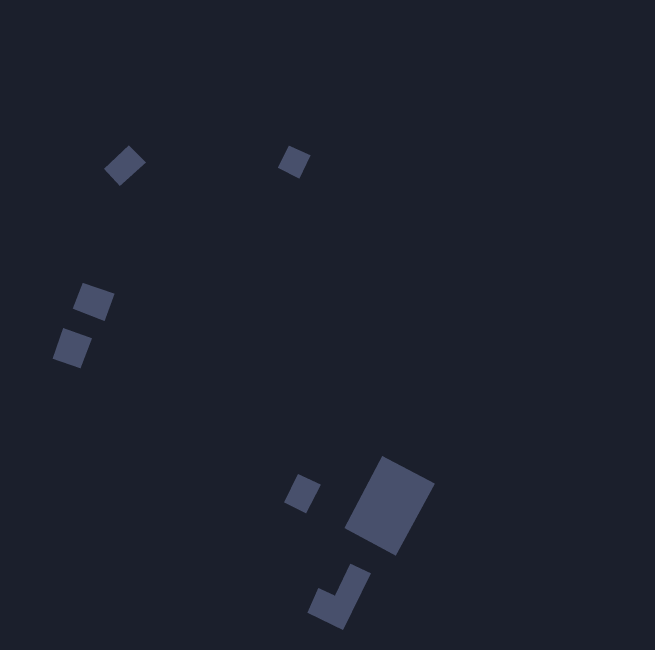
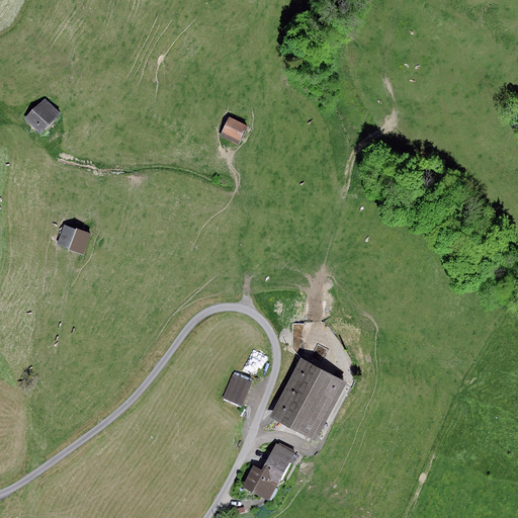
building: [103,144,147,187] -> [25,97,60,131]
building: [52,327,93,369] -> none

